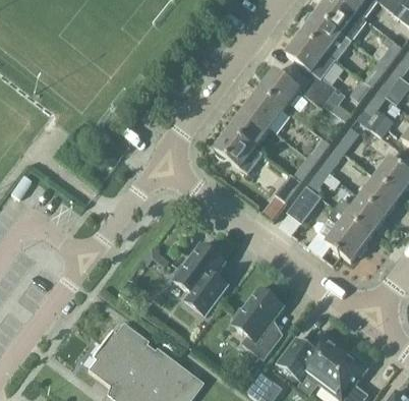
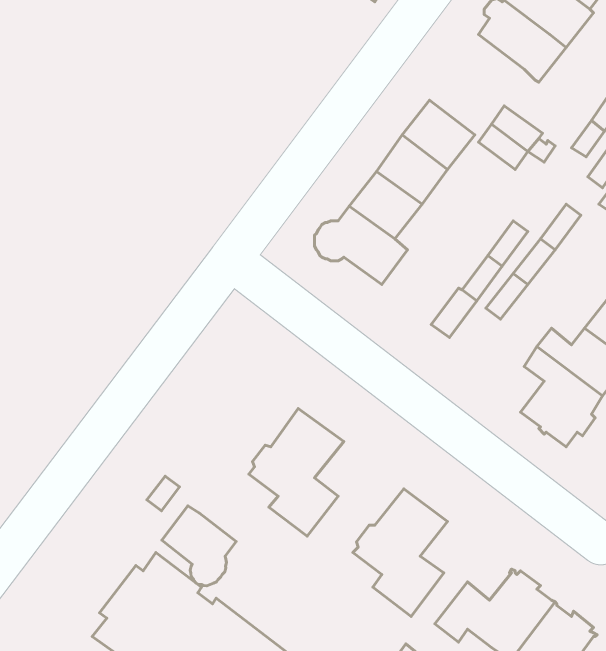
building: [287,33,334,72] -> none
building: [287,185,322,223] -> none
building: none -> [162,506,236,586]

